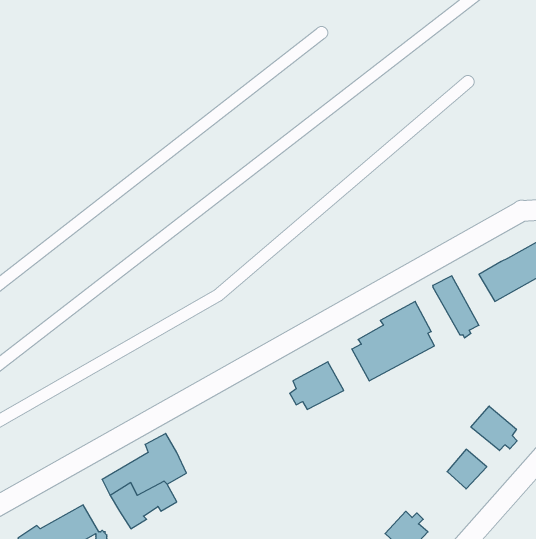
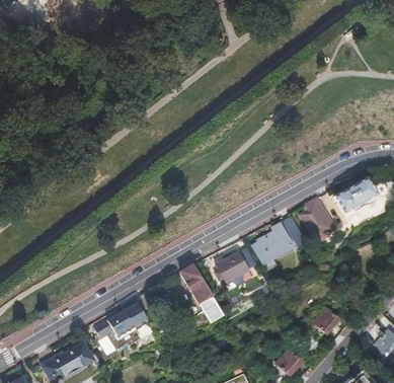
building: none -> [179,264,222,323]
building: [471,406,517,451] -> none

